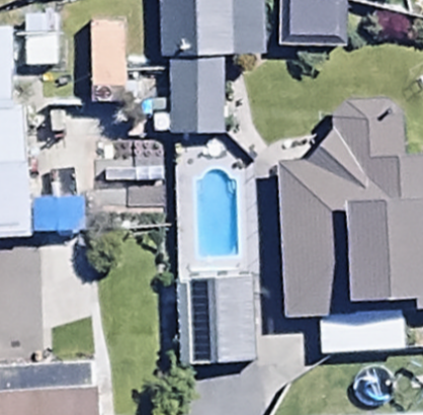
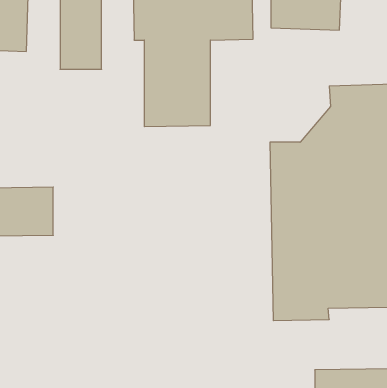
building: [178,281,255,369] -> none

